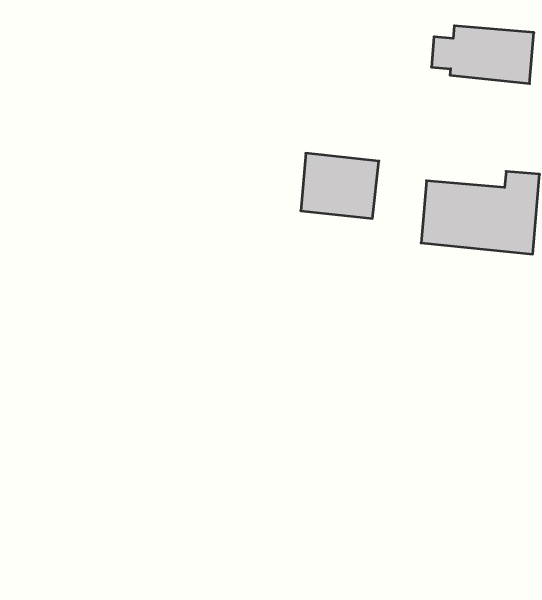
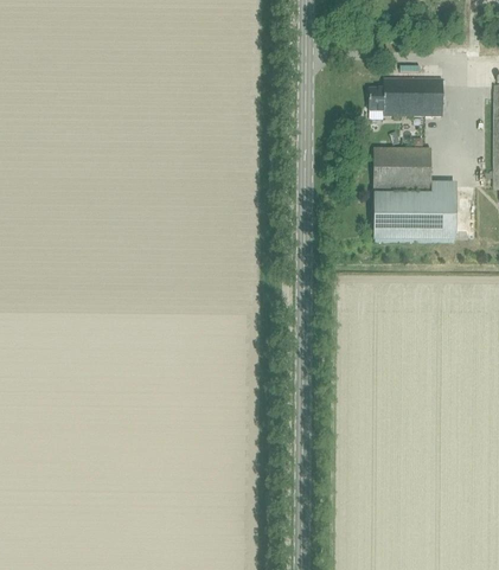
building: [301,153,379,218] -> [375,147,429,191]

